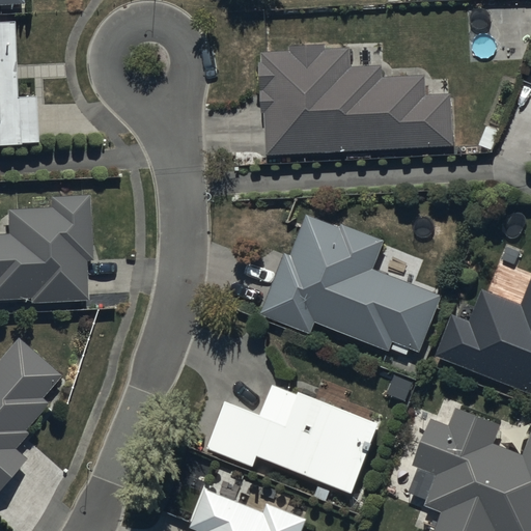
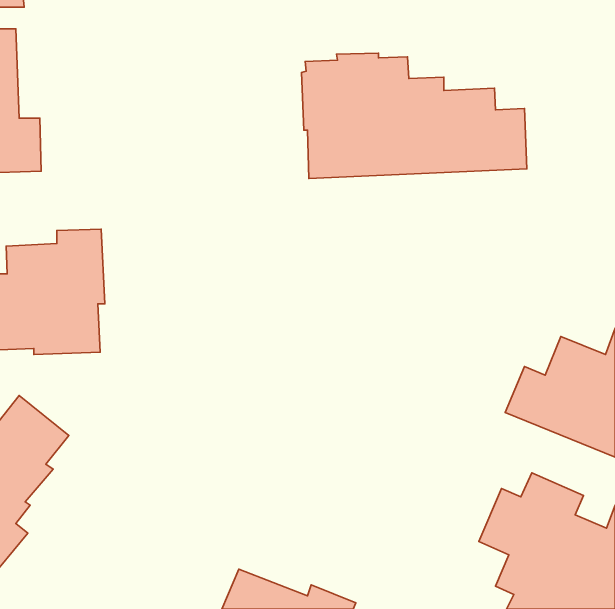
building: [261,216,440,352] -> none
building: [207,388,378,494] -> none

